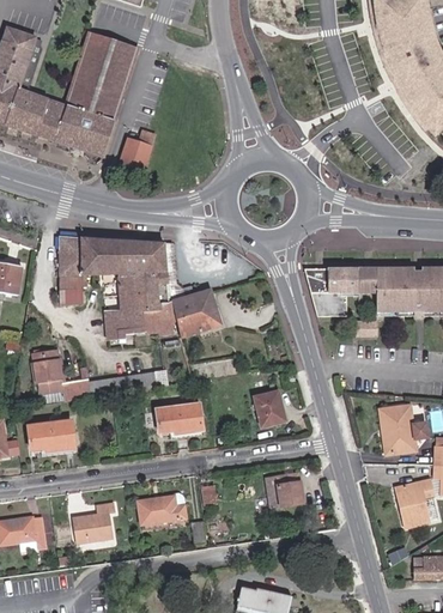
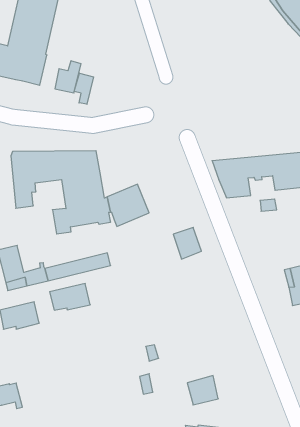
building: none -> [74,73,94,104]
building: [254,389,286,426] -> [173,227,201,259]
building: [156,402,204,432] -> [50,284,90,310]
building: [267,472,303,505] -> [187,376,218,405]
building: [138,492,186,523] -> none
building: [73,502,116,541] -> none

